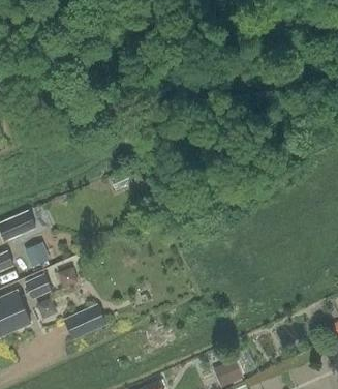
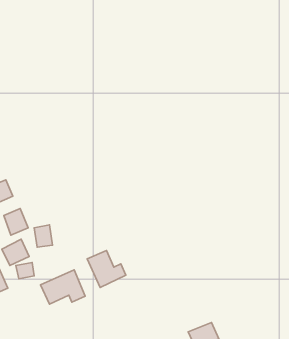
building: none -> [87,250,126,288]

